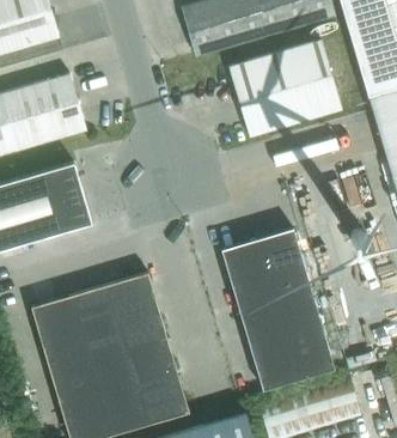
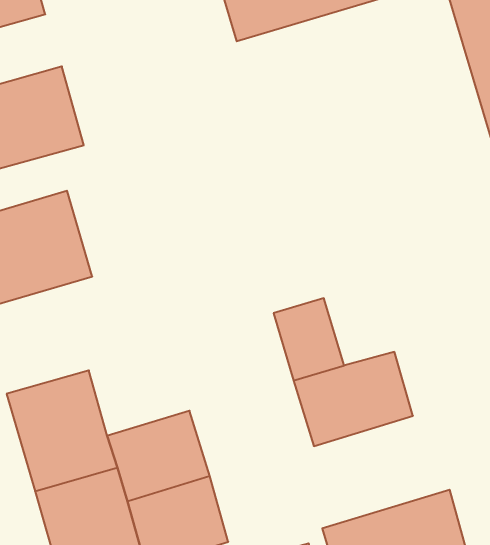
building: [228,41,342,136] -> none
building: [257,230,307,287] -> none
building: [90,273,161,337] -> none
building: [250,323,335,391] -> none

